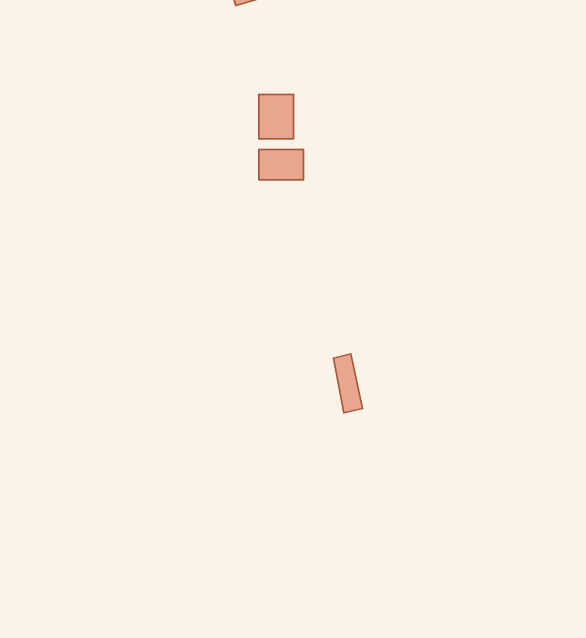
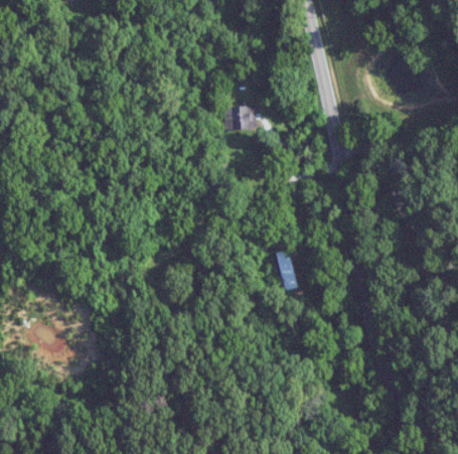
building: [259,94,293,139] -> none

